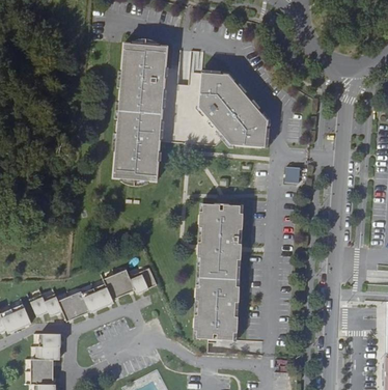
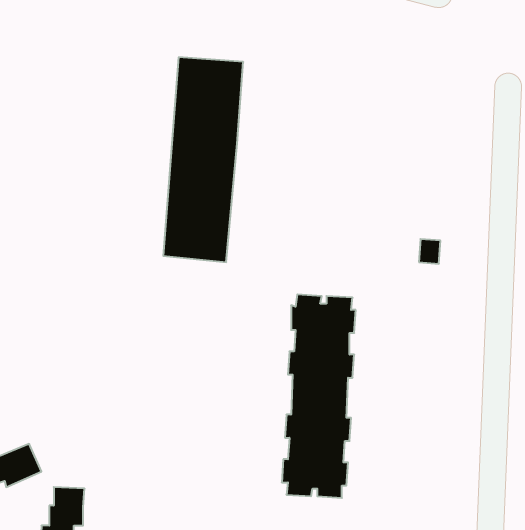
building: [198,73,268,147] -> none
building: [29,269,157,322] -> none

